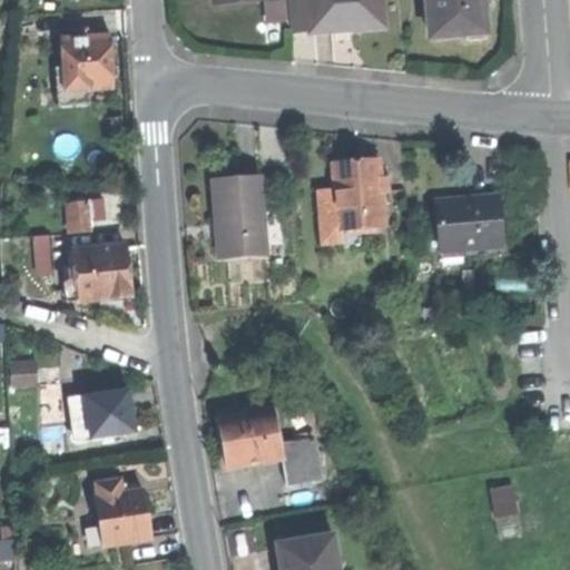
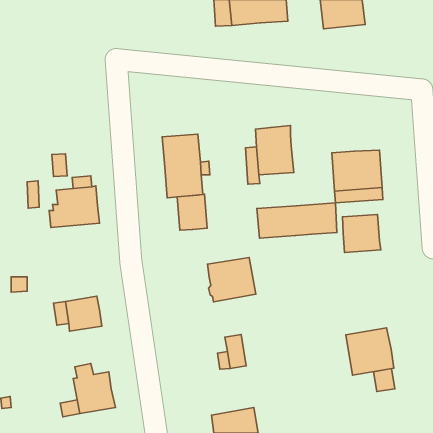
building: [56,33,118,104] -> none
building: none -> [177,194,207,230]
building: none -> [257,203,337,238]
building: none -> [342,214,381,252]
building: [219,410,283,468] -> [208,258,256,302]
building: none -> [346,328,394,375]

